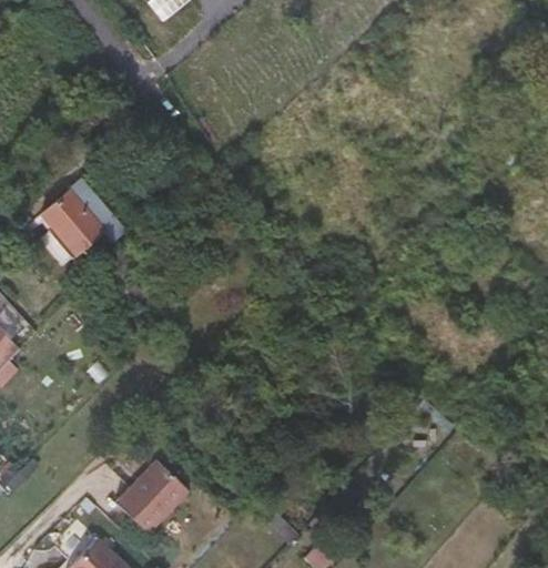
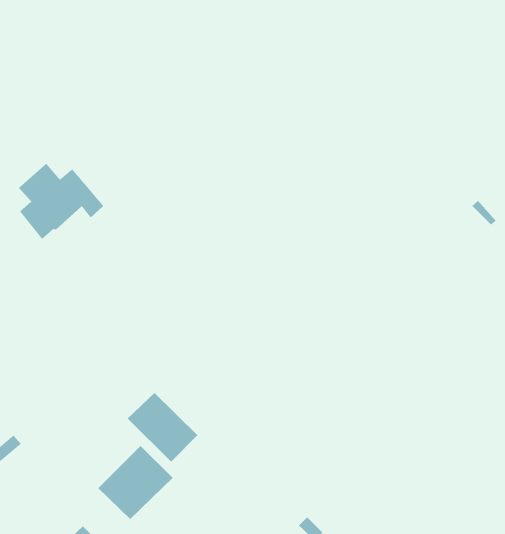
building: none -> [127,392,198,462]

